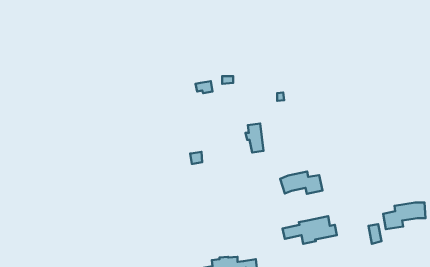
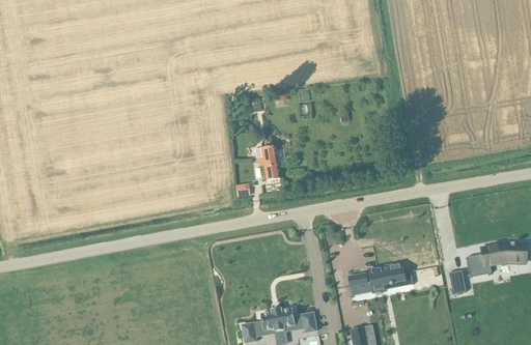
building: [245,123,263,153] -> [258,146,280,181]
building: [280,172,322,194] -> none

